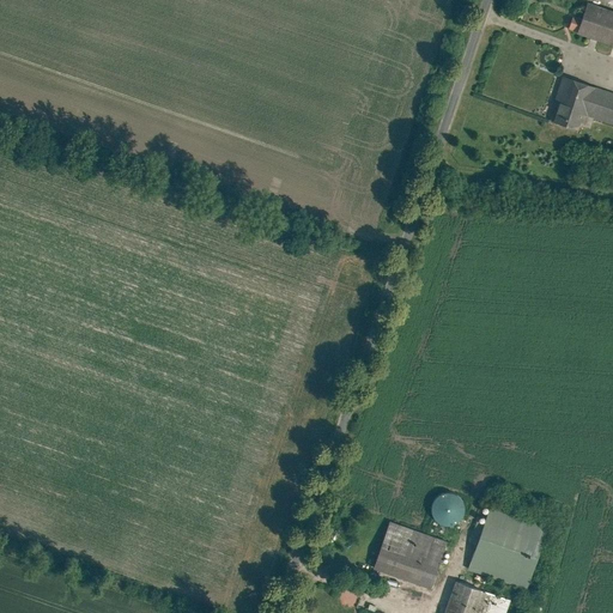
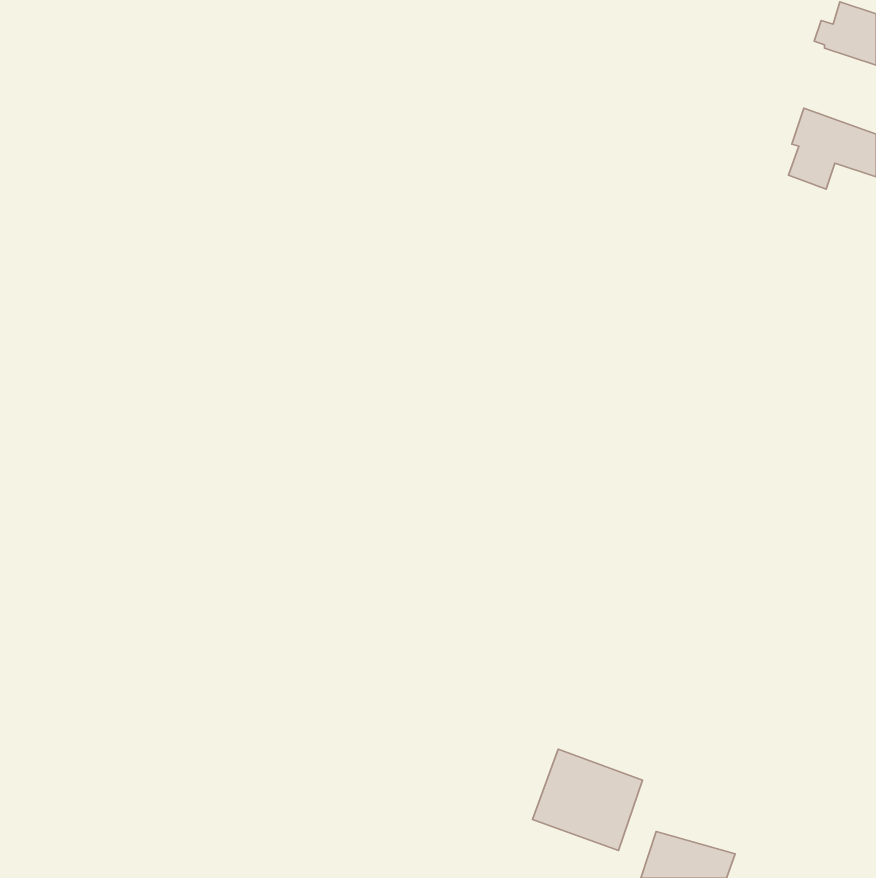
building: [430,494,465,529] -> none
building: [468,508,550,593] -> none

